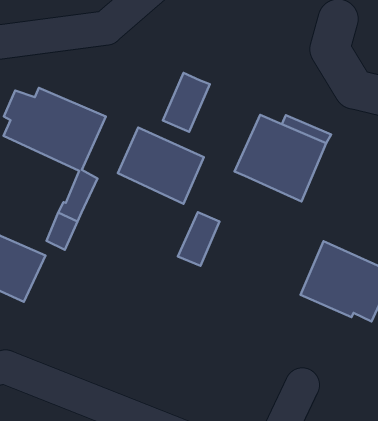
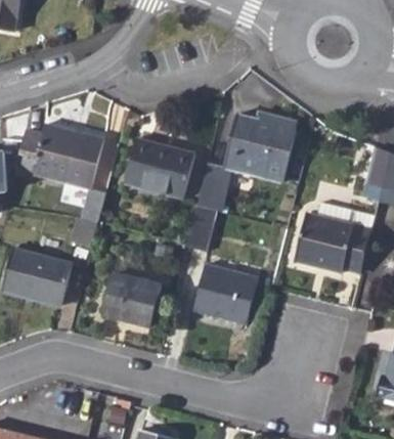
building: [163,73,210,132] -> [196,163,231,212]
building: none -> [101,272,160,325]
building: none -> [191,265,257,324]

